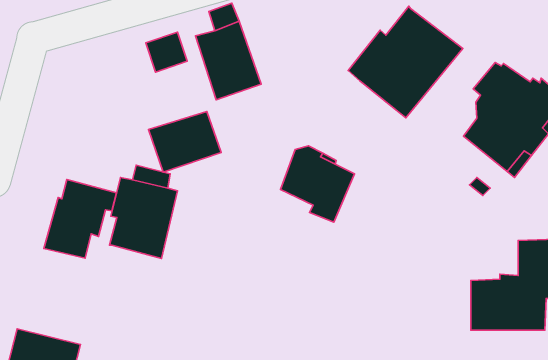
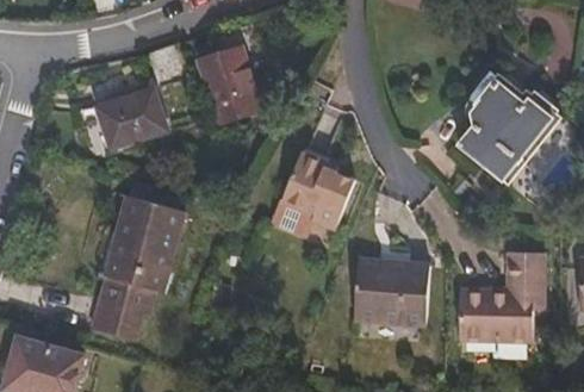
building: [348,6,463,118] -> none
building: [149,111,221,172] -> [92,83,163,143]
building: [44,179,117,258] -> [89,257,161,335]
building: none -> [360,263,433,324]

